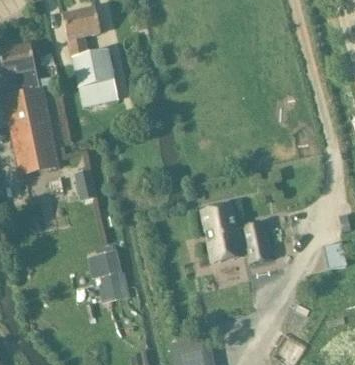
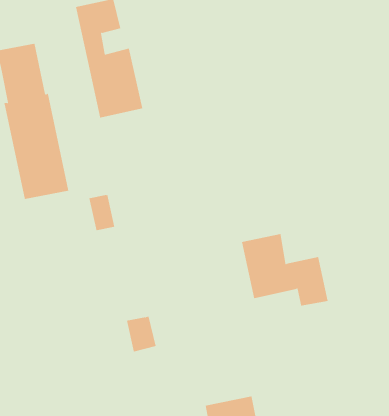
building: [92,248,121,276] -> none

